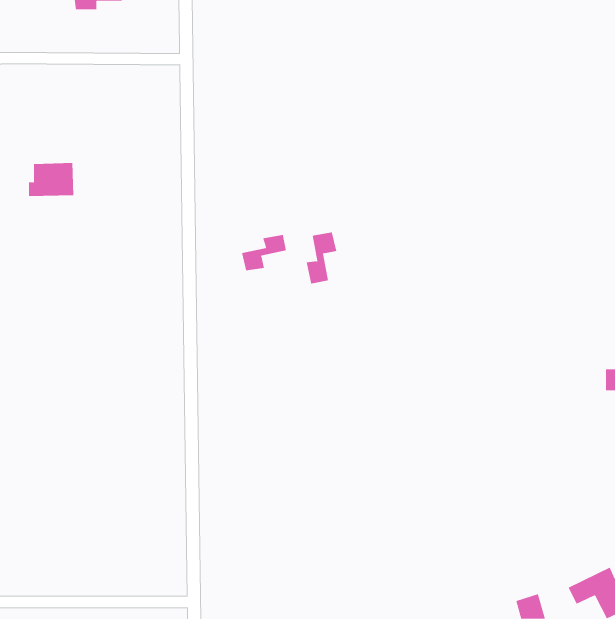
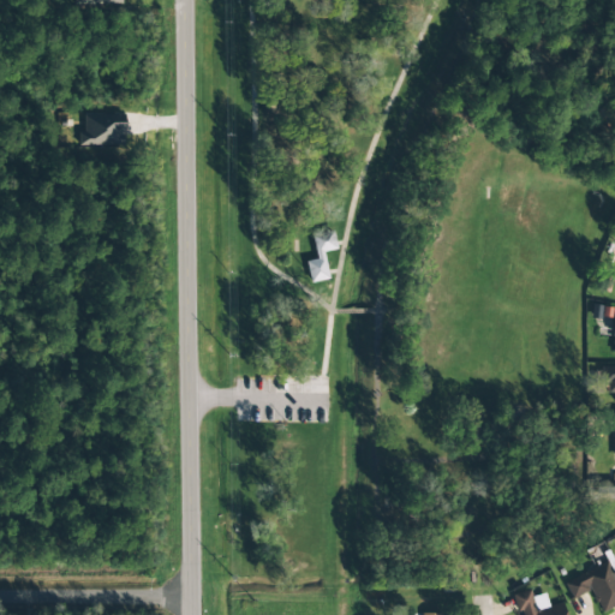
building: [28,163,74,197] -> [84,112,130,145]
building: [242,234,287,271] -> none

